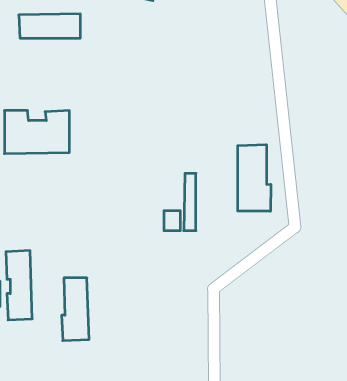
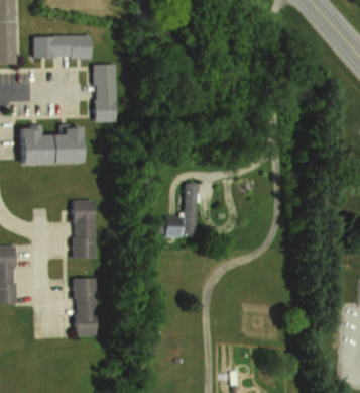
building: none -> [93,62,118,118]
building: [238,145,271,211] -> none
building: [6,251,32,320] -> [73,196,97,260]

